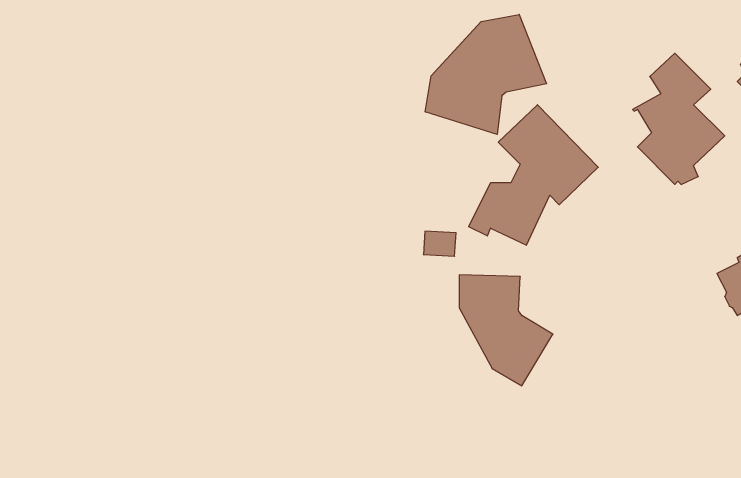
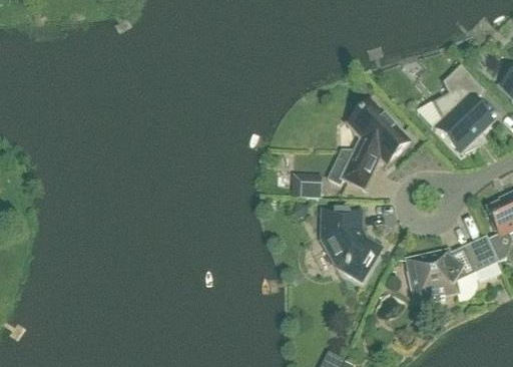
building: [425,14,547,134] -> none
building: none -> [408,235,498,301]

